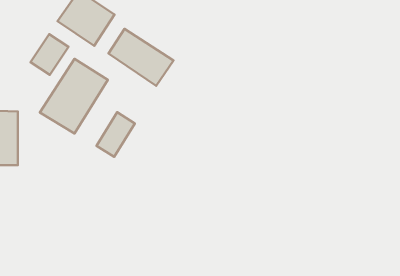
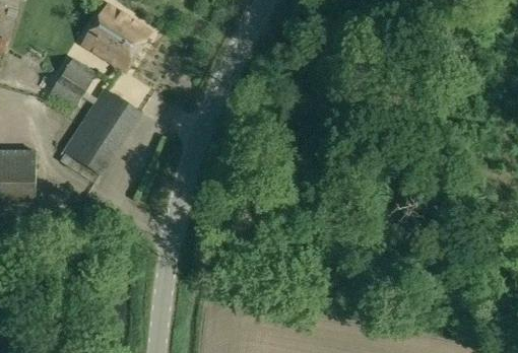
building: [109,29,173,86] -> none
building: [96,112,135,157] -> none

